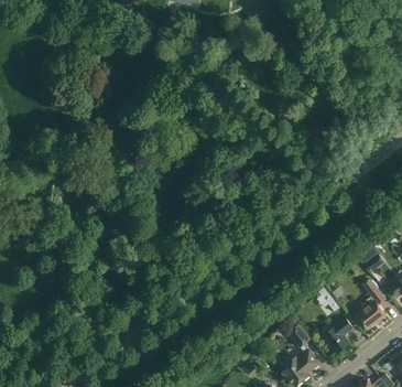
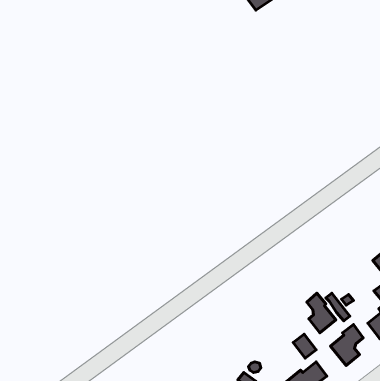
building: none -> [307,293,336,333]

